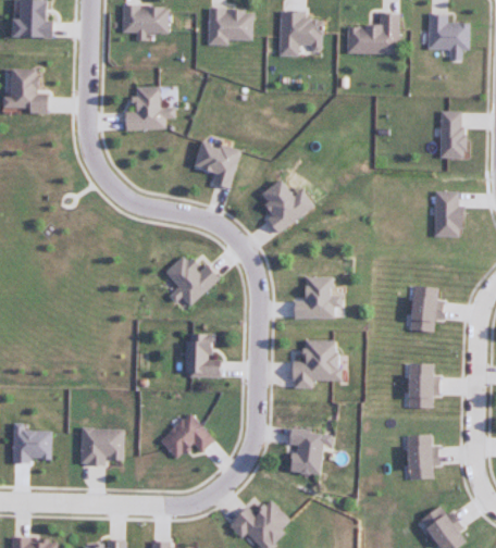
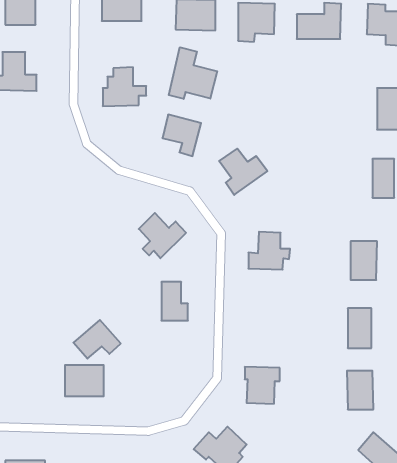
building: none -> [169,47,217,99]
building: [290,339,336,388] -> none
building: [160,413,214,458] -> [73,320,121,359]
building: [14,427,53,462] -> none

